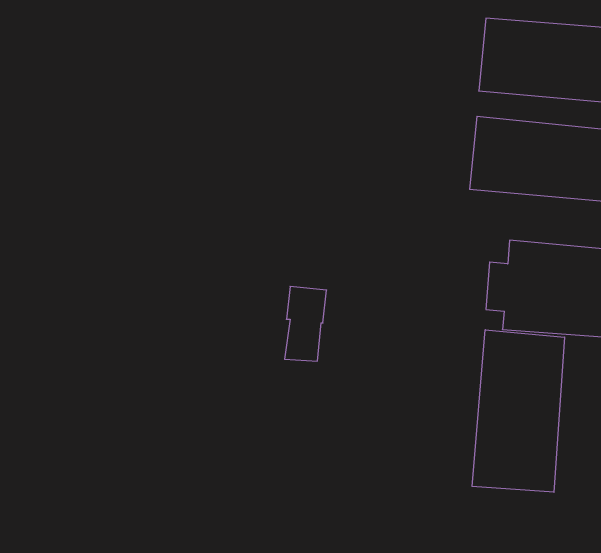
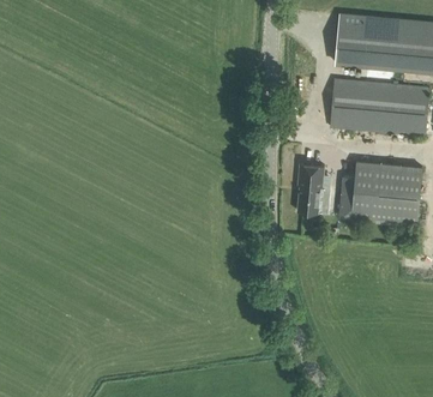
building: [285,286,327,361] -> [297,162,325,211]
building: [472,330,565,492] -> none

